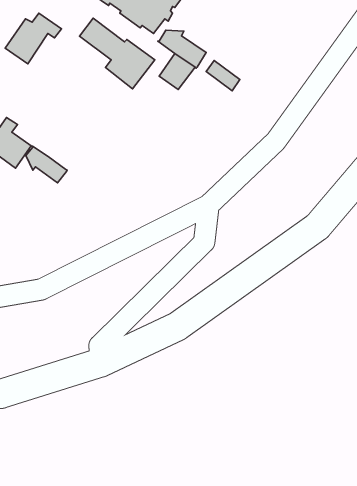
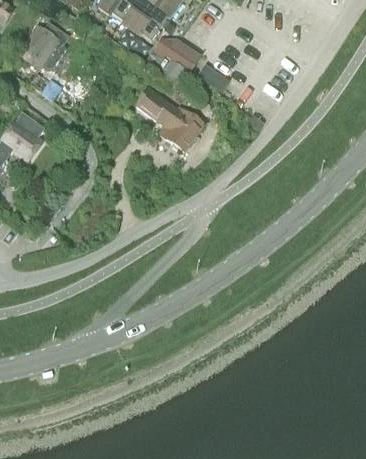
building: [80,18,155,89] -> [137,88,204,151]
building: [26,146,67,183] -> none

